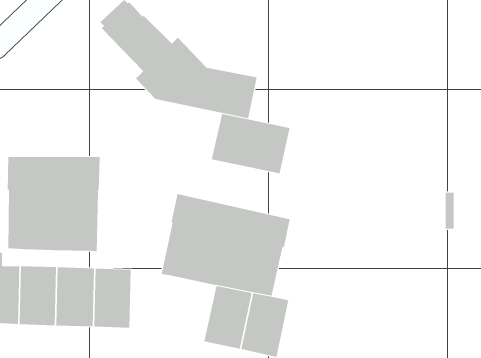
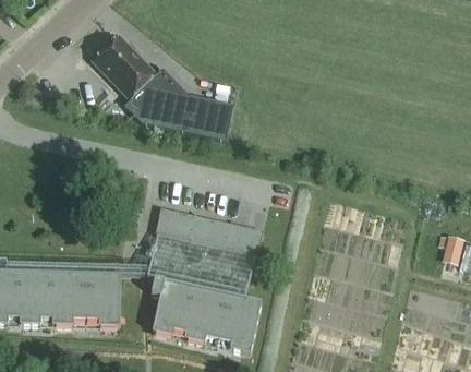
building: [211,113,290,174] -> none
building: [7,156,100,252] -> none
building: none -> [149,279,194,338]

